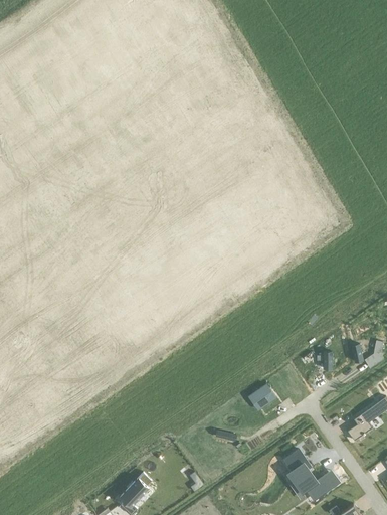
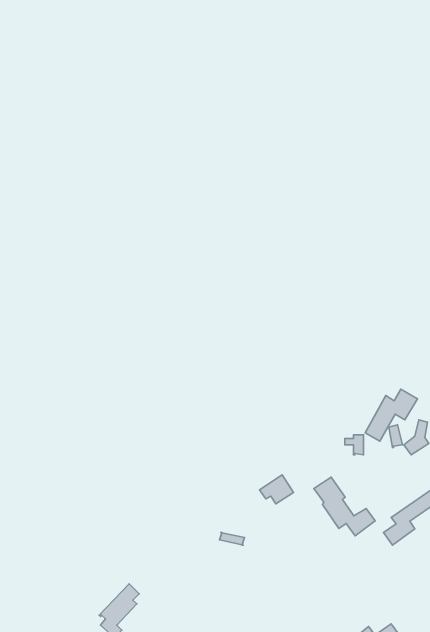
building: none -> [365,389,418,441]
building: [283,450,333,497] -> [314,477,375,536]

